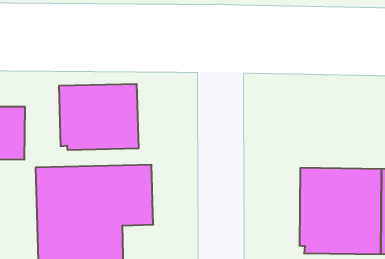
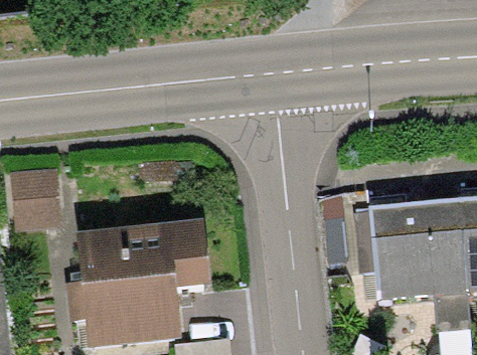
building: [59,84,139,150] -> none

